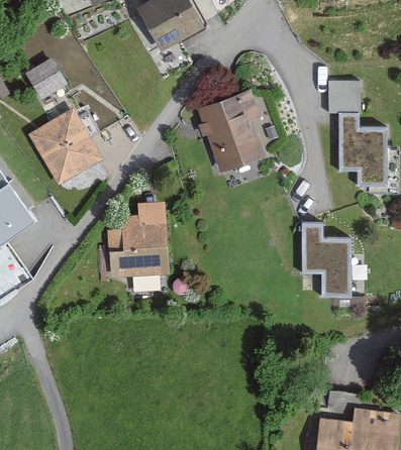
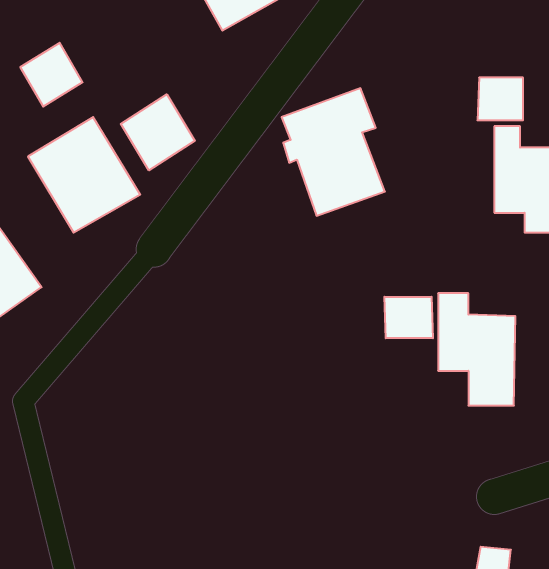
building: none -> [121,94,195,170]
building: [108,215,168,277] -> none
building: none -> [384,297,433,338]

